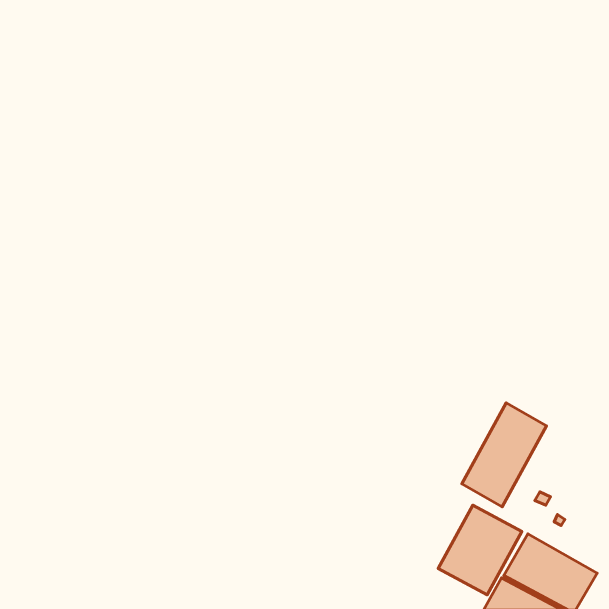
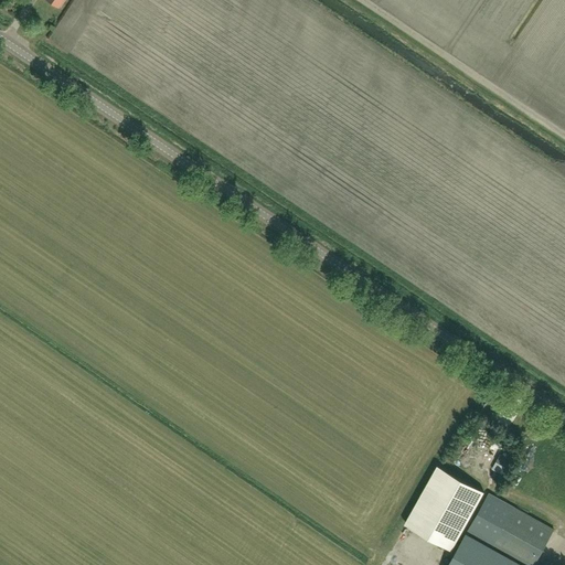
building: [462,403,546,507] -> none

